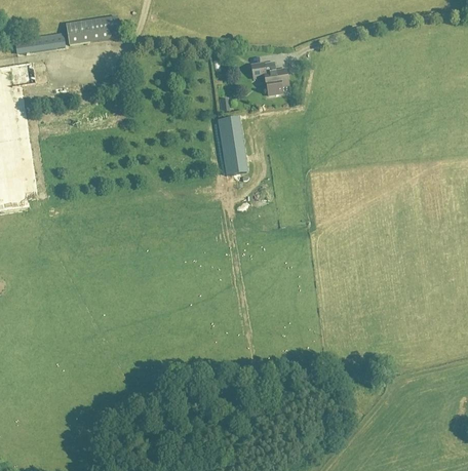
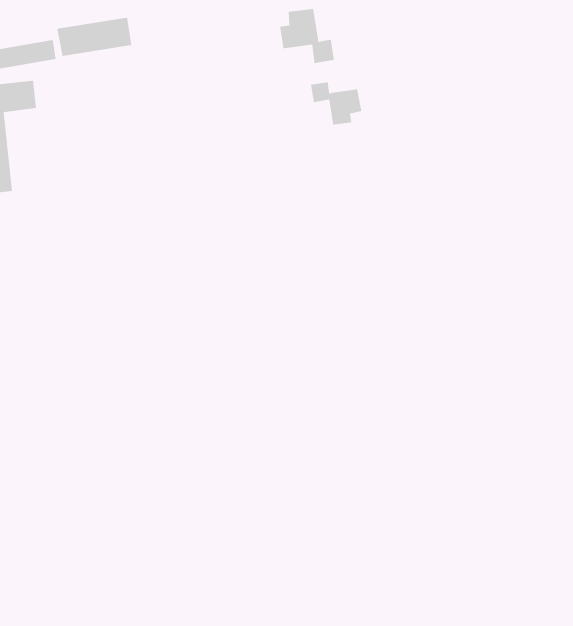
building: none -> [279,8,335,64]
building: [217,115,246,173] -> none

